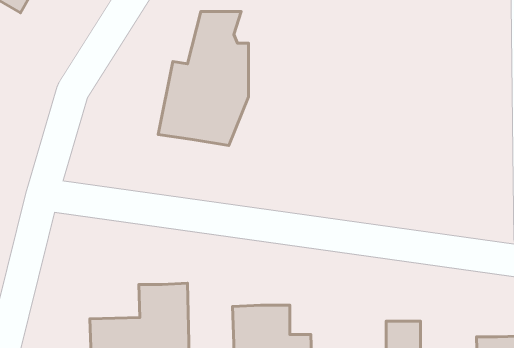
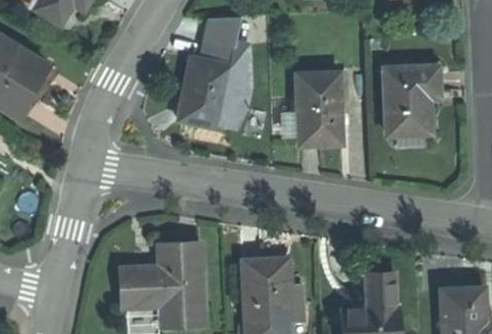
building: none -> [385,66,442,131]
building: none -> [283,72,345,148]

